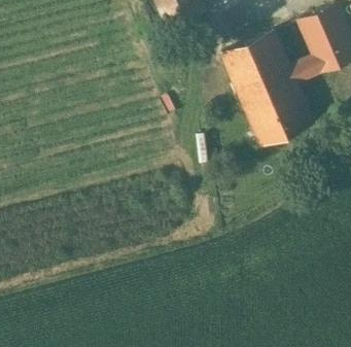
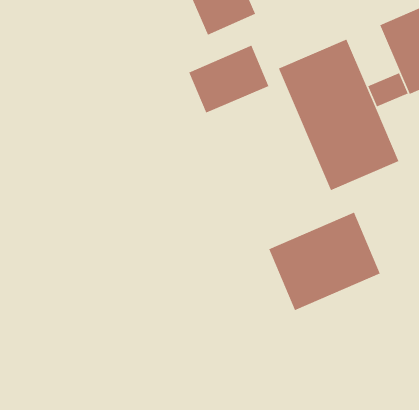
building: none -> [188,44,270,114]
building: none -> [268,212,381,311]

